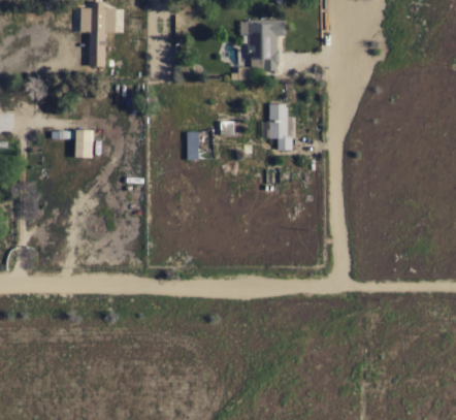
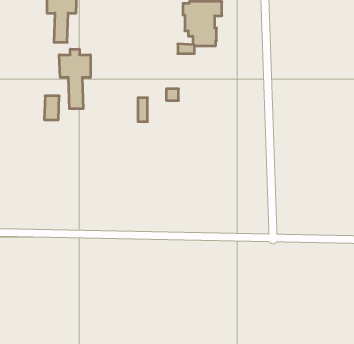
building: none -> [59,49,90,109]
building: [267,103,293,150] -> none

